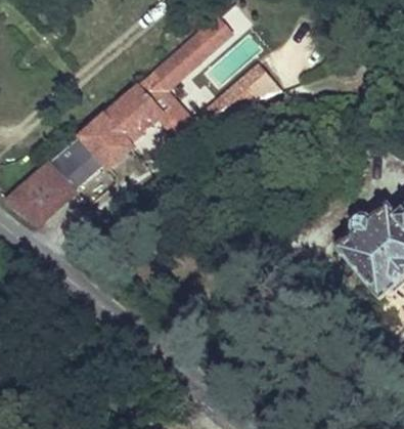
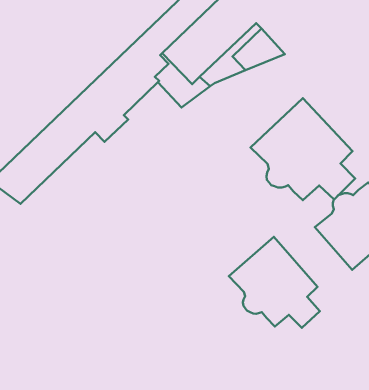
building: none -> [251,98,355,200]
building: none -> [229,237,320,328]

